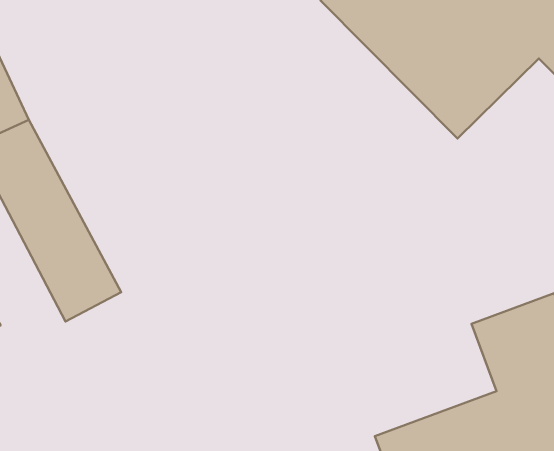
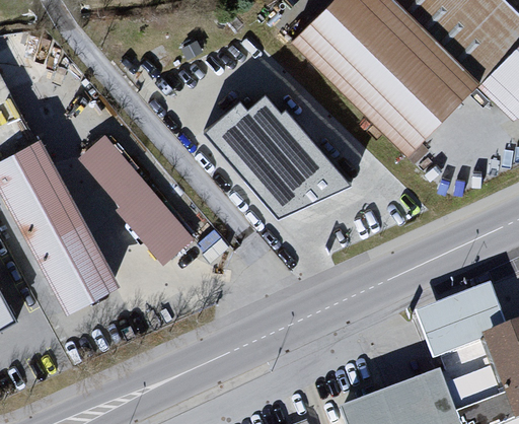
building: none -> [205,94,354,219]
building: none -> [77,132,195,264]

